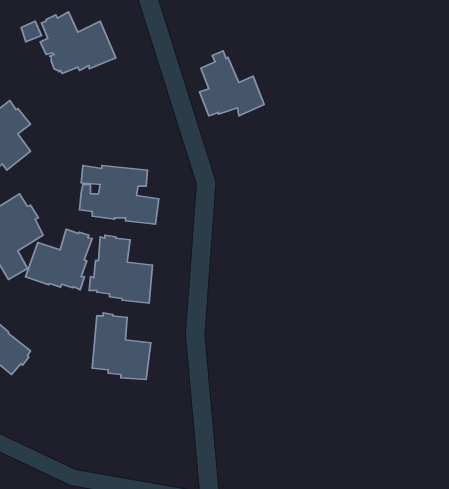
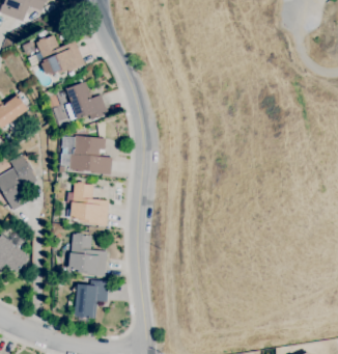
building: [199,51,264,116] -> [65,78,108,120]
building: [26,229,92,290] -> none
building: none -> [75,280,109,318]

